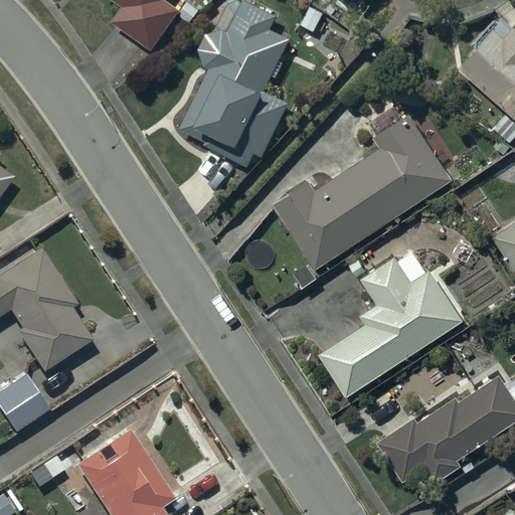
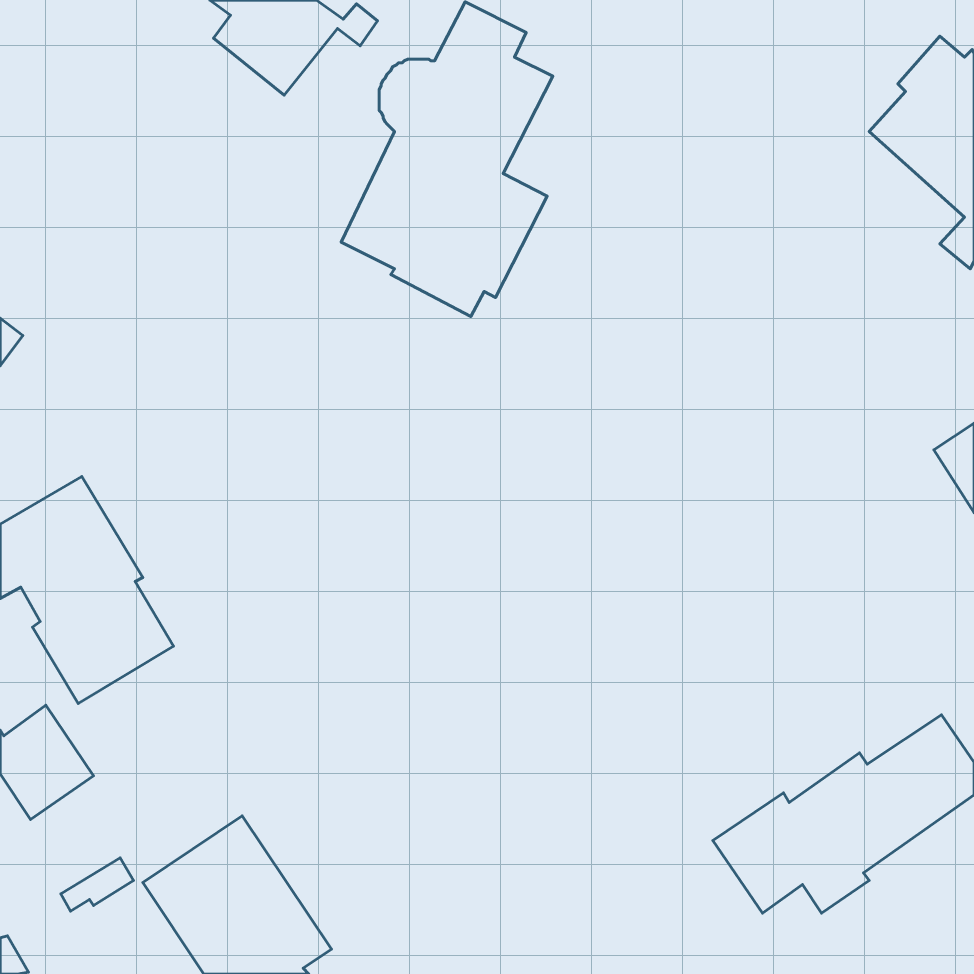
building: [273,116,450,268] -> none
building: [318,251,463,397] -> none

